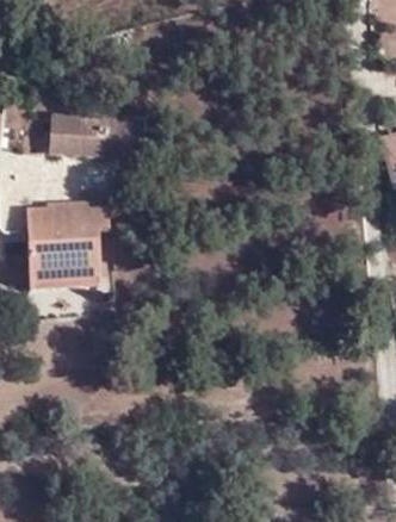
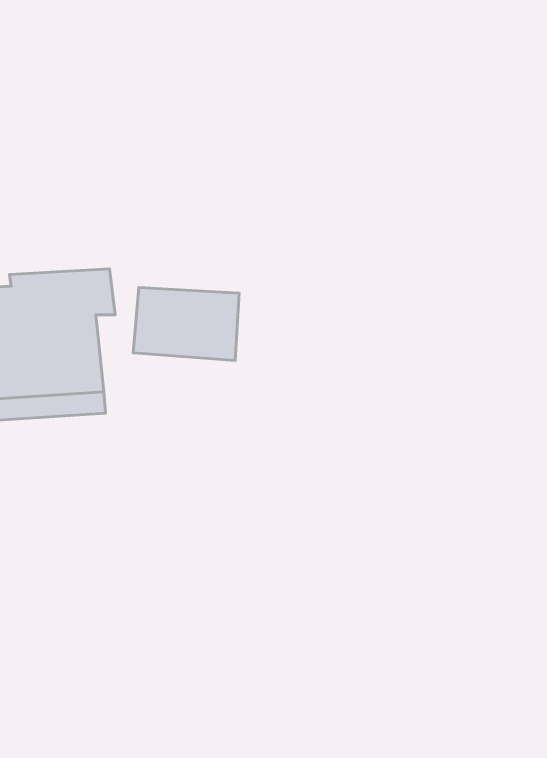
building: [55,112,120,157] -> [133,287,239,360]

